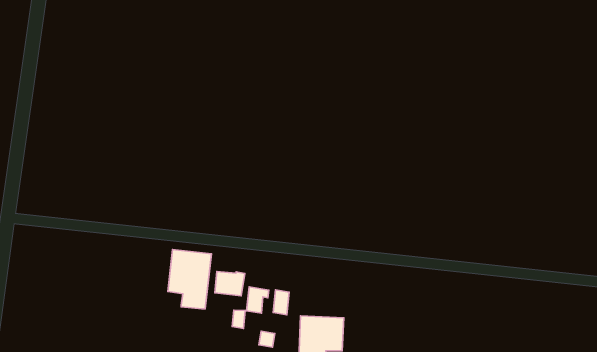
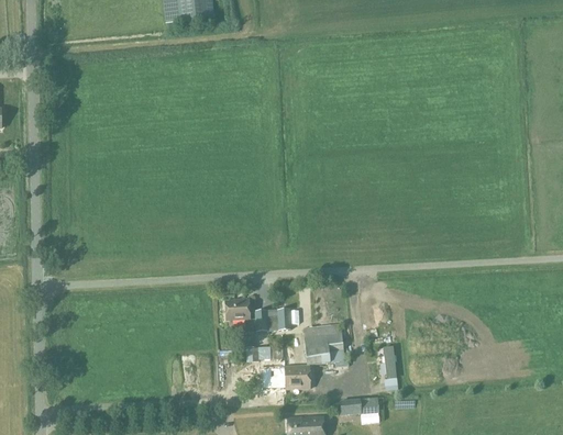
building: [168,249,212,309] -> none

